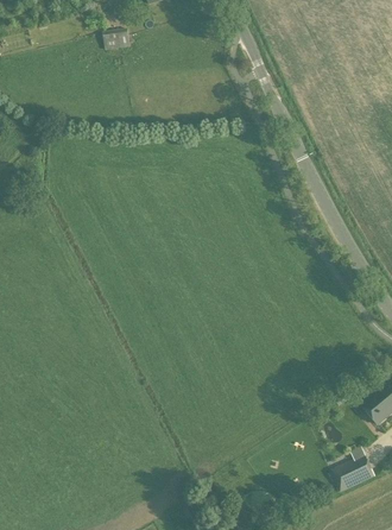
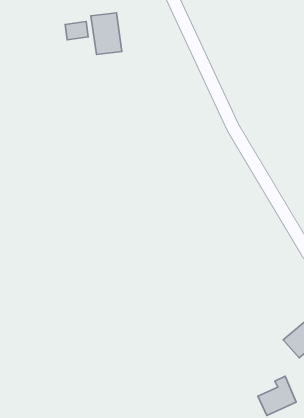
building: none -> [91,13,122,54]

